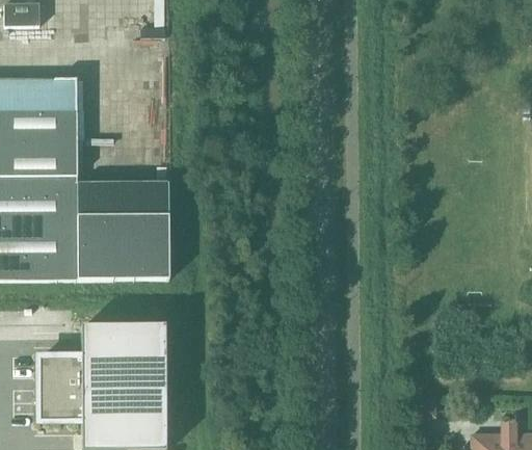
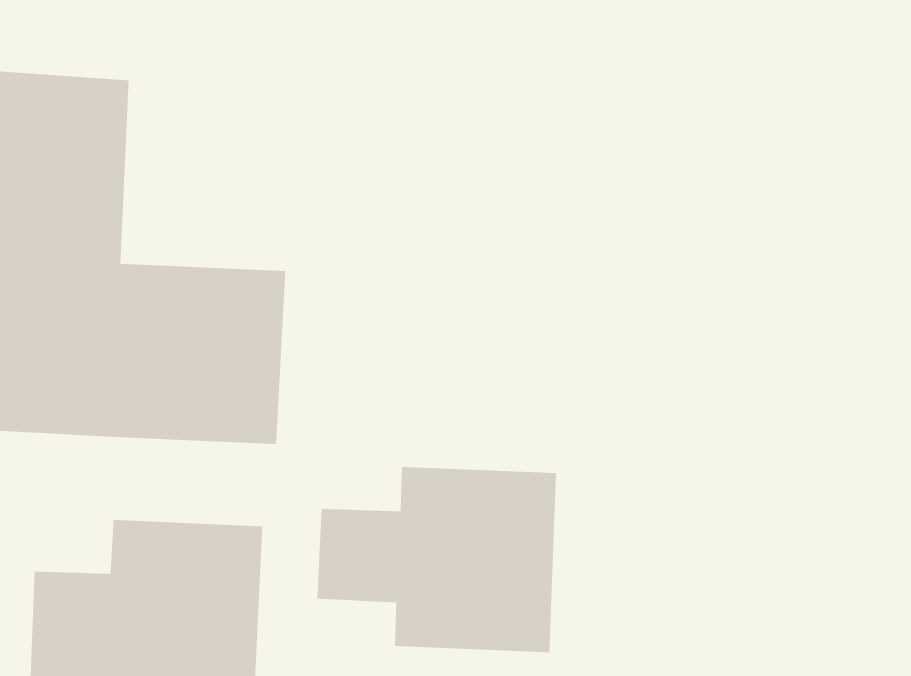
building: none -> [317,466,557,653]

